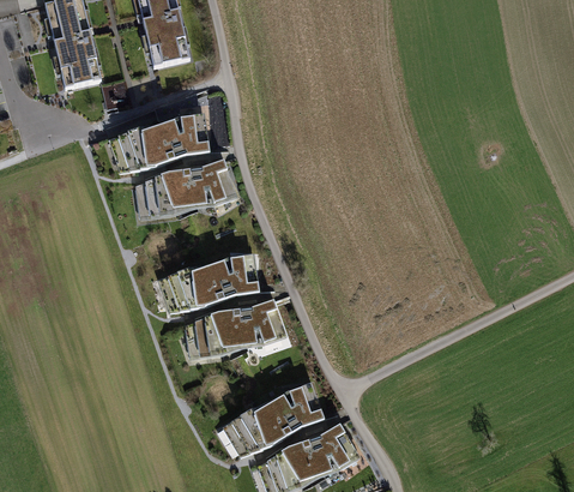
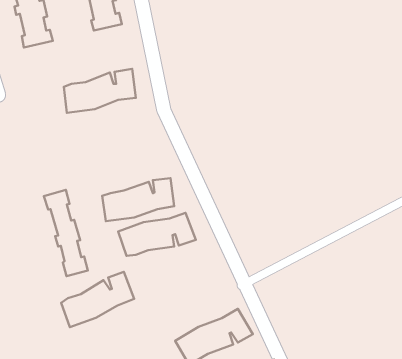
building: [134,158,234,214] -> none
building: none -> [44,190,88,276]
building: [229,383,322,454] -> [61,272,134,327]

